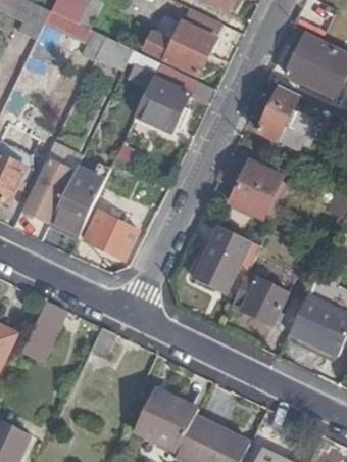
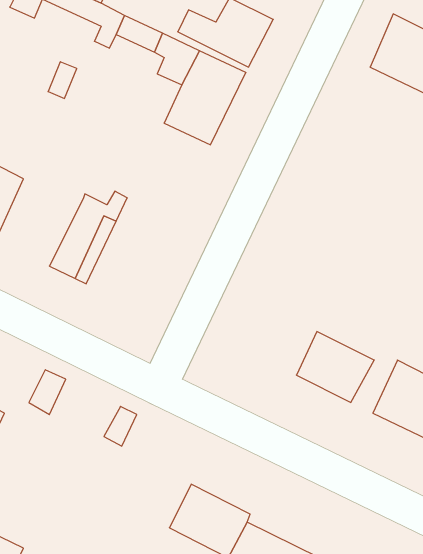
building: [259,85,304,150] -> none
building: [233,158,284,216] -> none
building: [22,160,73,224] -> none
building: [83,224,135,260] -> none
building: [195,225,261,292] -> none

